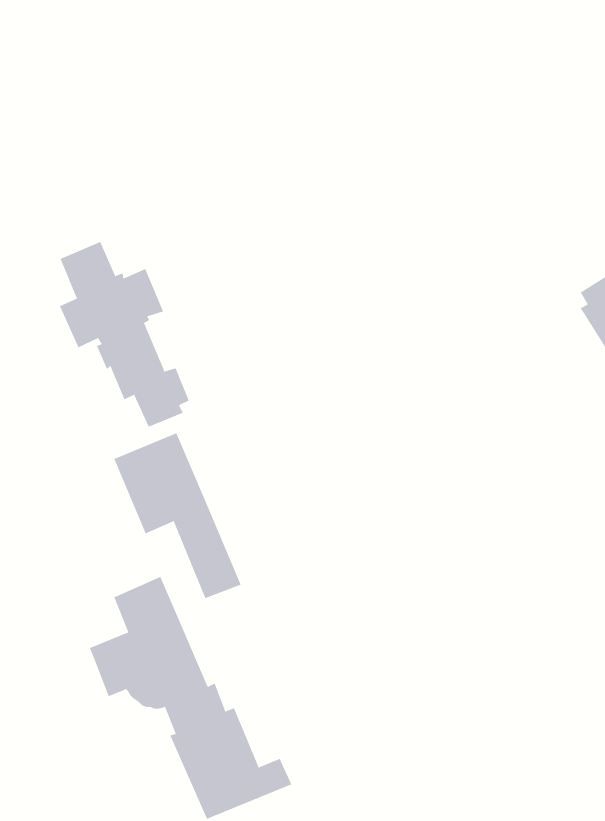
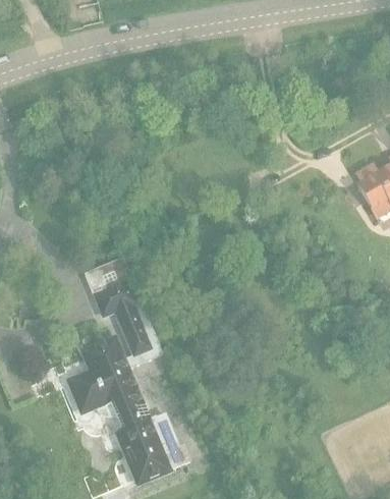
building: [59,241,190,427] -> none

